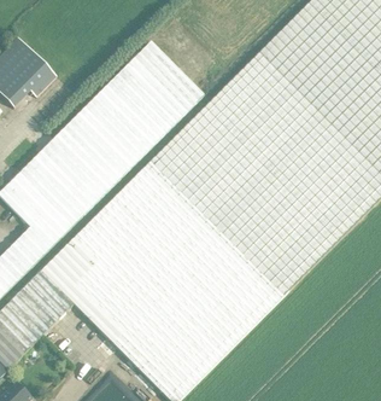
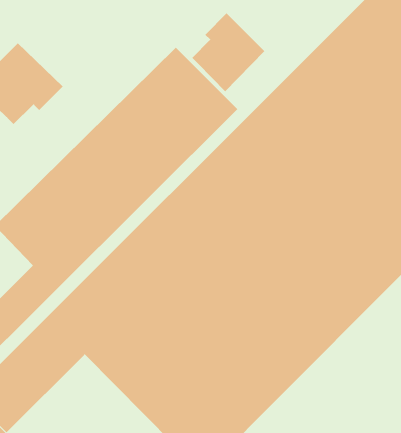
building: none -> [192,12,265,92]

